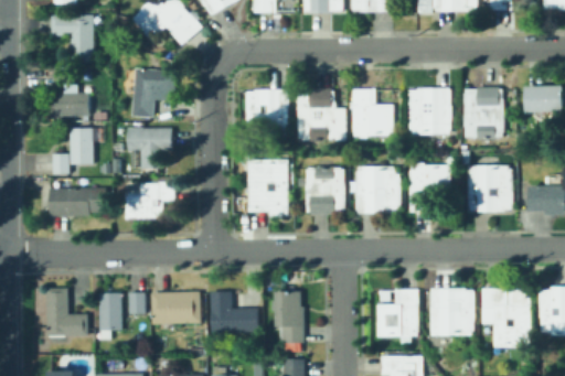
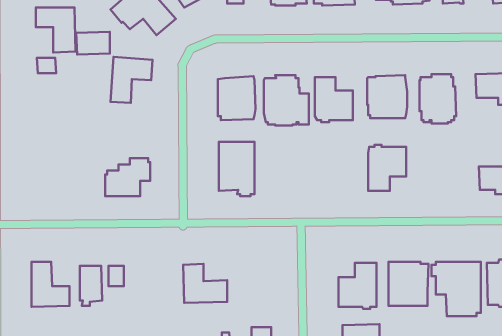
building: [52,92,88,116] -> [76,32,110,54]
building: [52,128,93,173] -> none
building: [127,128,173,168] -> none
building: [468,158,512,212] -> none
building: [306,165,344,214] -> none
building: [356,166,401,213] -> none
building: [49,187,113,216] -> none
building: [151,291,201,324] -> none
building: [276,291,305,342] -> none

